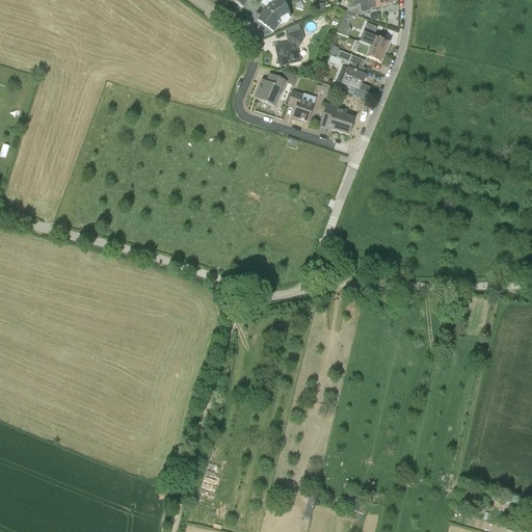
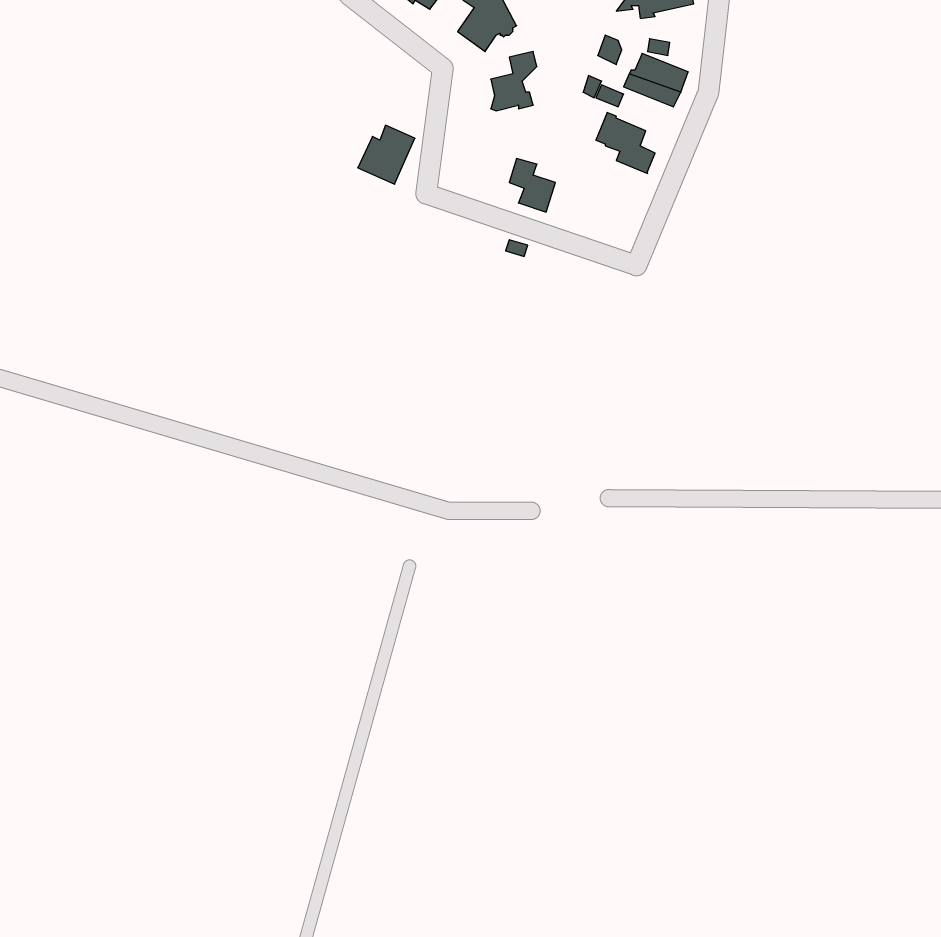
building: [255,72,287,105] -> [358,125,415,184]
building: [320,102,354,133] -> none

